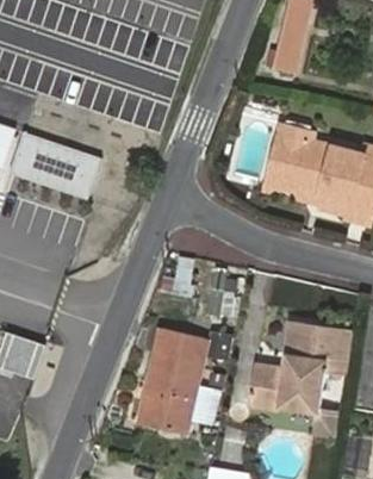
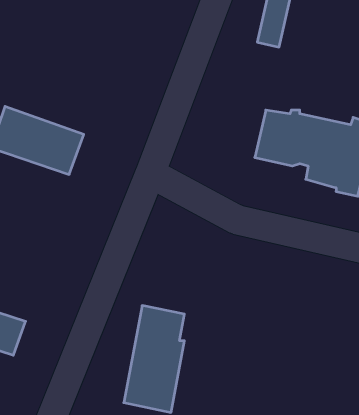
building: [247,318,348,412] -> none

